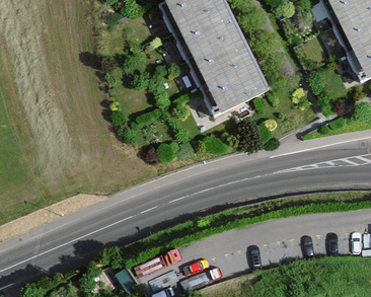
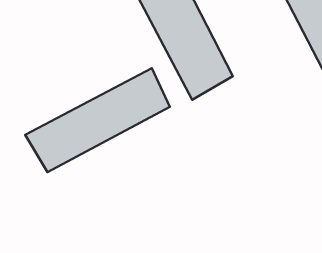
building: none -> [25,68,170,172]

